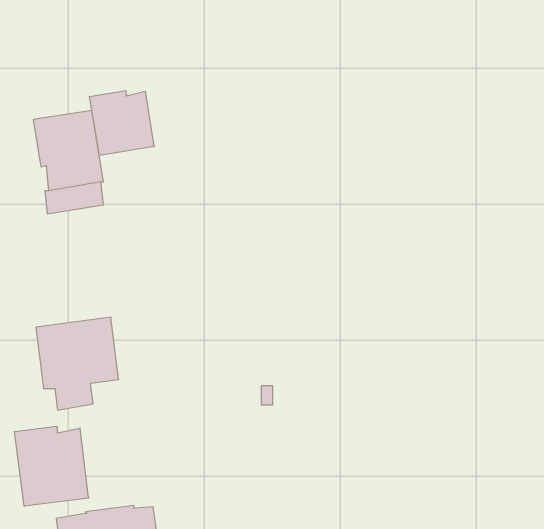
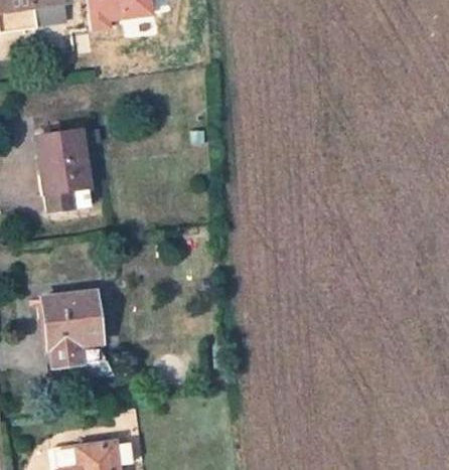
building: [90,91,154,155] -> none
building: [15,426,89,506] -> none

